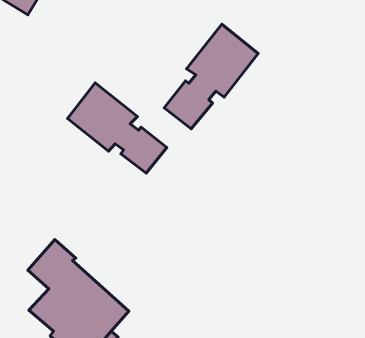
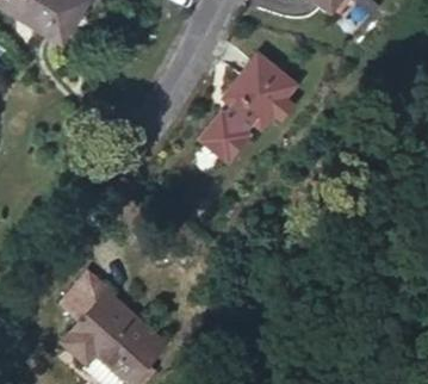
building: [67,83,167,173] -> none

